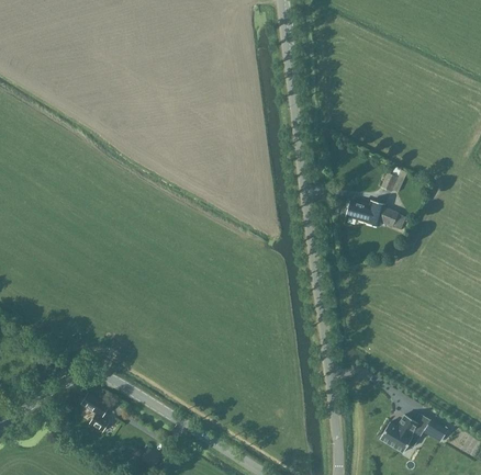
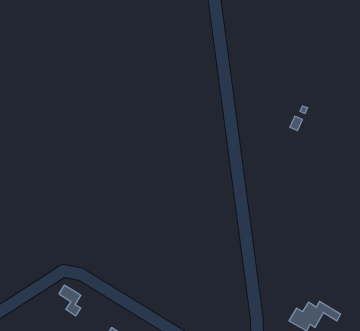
building: [346,200,406,228] -> none

